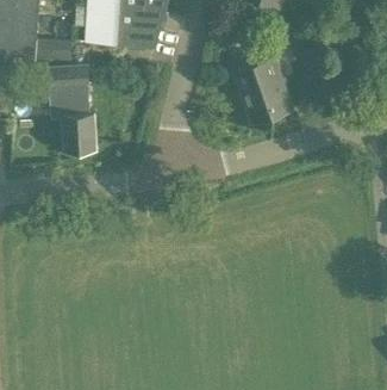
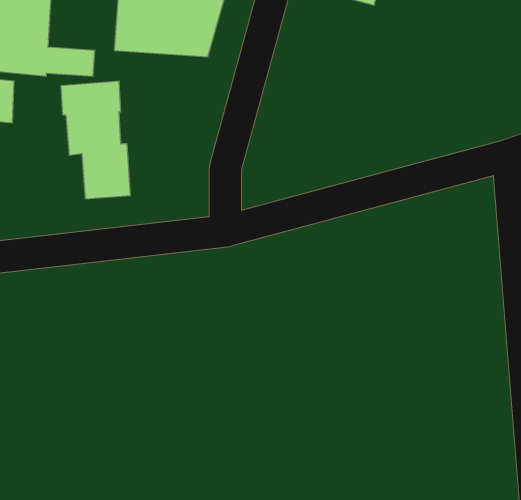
building: [233,55,293,123] -> none

